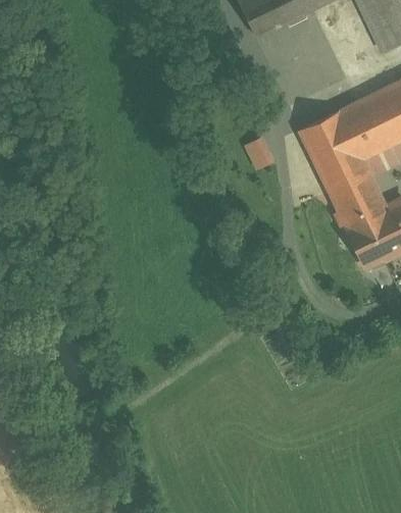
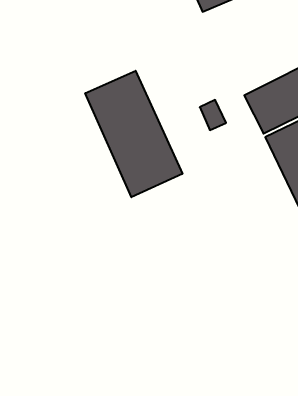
building: none -> [85,71,182,197]

